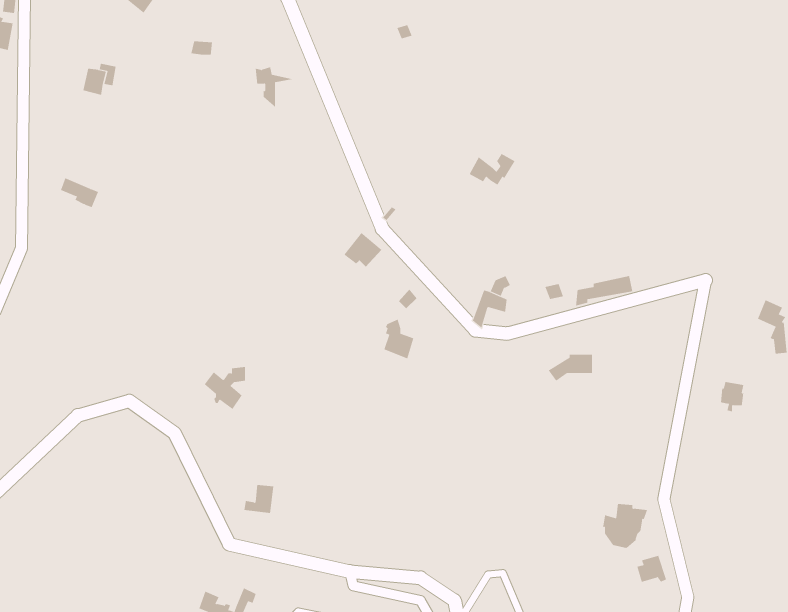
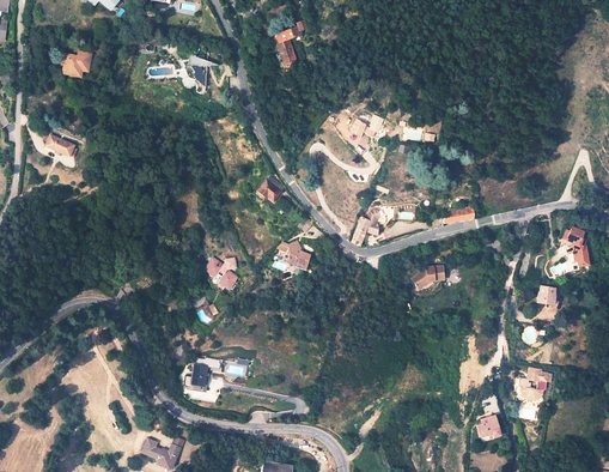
building: none -> [274,30,298,68]
building: [204,367,246,410] -> [207,255,238,288]
building: [603,503,648,548] -> [519,369,553,403]

